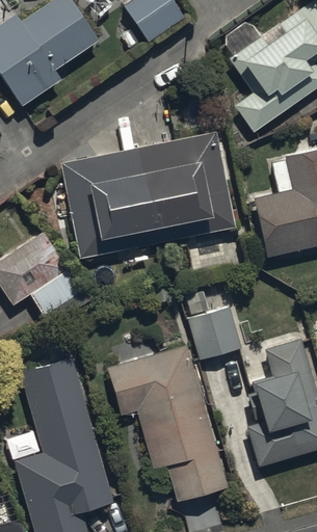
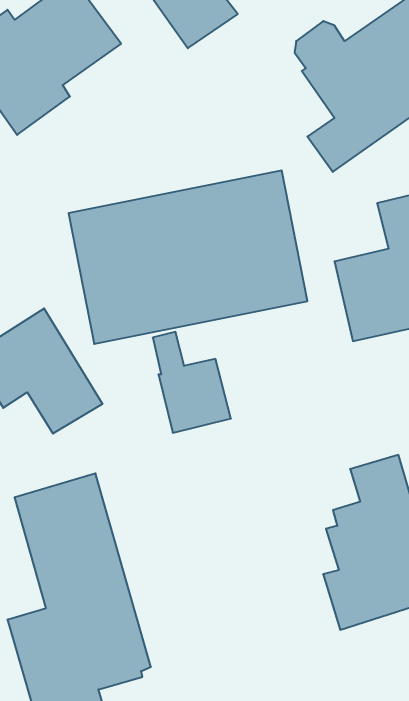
building: [185,288,242,362] -> [153,332,231,433]
building: [107,347,227,502] -> none

